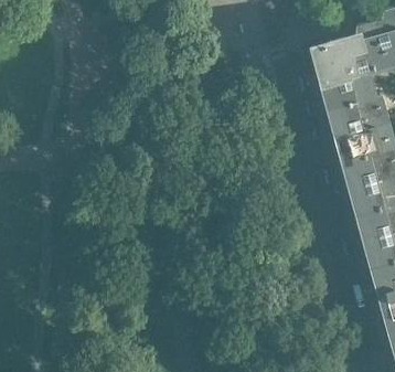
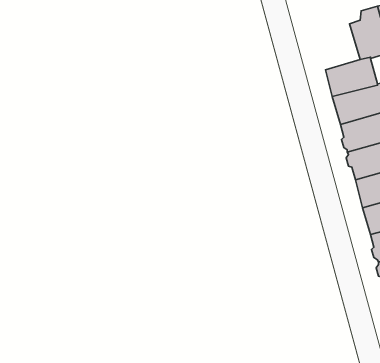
building: [309,43,354,87] -> none

